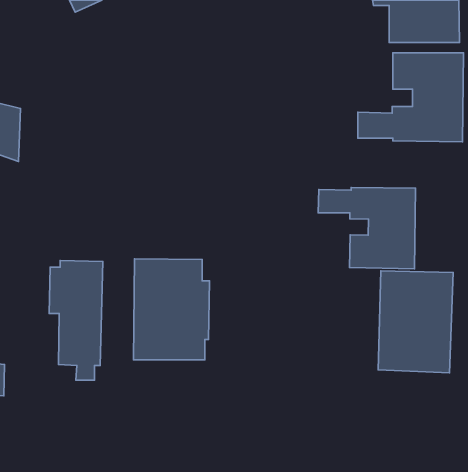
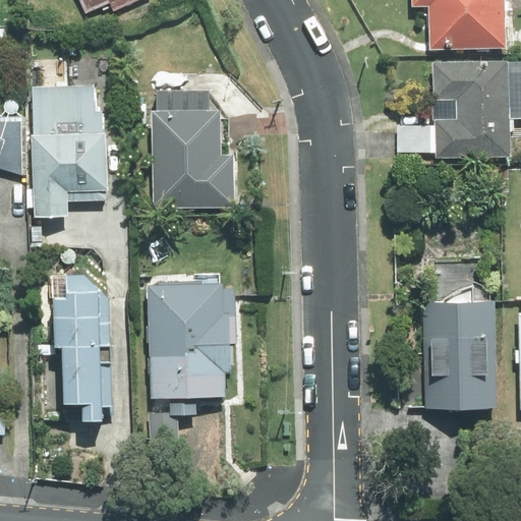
building: none -> [32,85,107,218]
building: none -> [149,89,234,208]
building: [318,188,416,269] -> none

